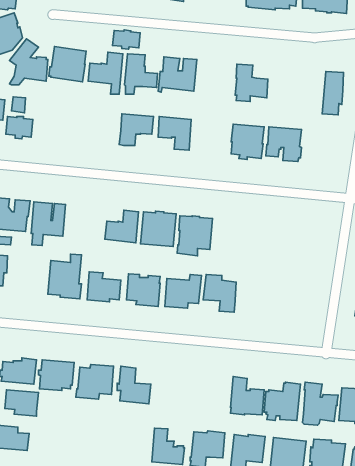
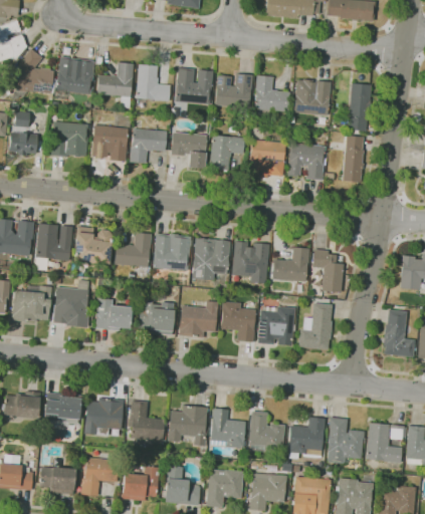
building: [113,30,140,49] -> none
building: none -> [216,73,252,107]
building: none -> [293,79,331,114]
building: none -> [91,116,130,161]
building: none -> [50,120,88,157]
building: none -> [209,135,245,171]
building: none -> [342,136,364,183]
building: none -> [73,226,112,264]
building: none -> [232,241,269,283]
building: none -> [272,247,308,281]
building: none -> [312,249,344,292]
building: none -> [12,285,52,322]
building: none -> [298,303,332,349]
building: none -> [257,306,295,345]
building: none -> [169,405,207,445]
building: none -> [210,408,245,448]
building: [5,390,38,416] -> [39,466,75,494]
building: none -> [81,457,119,495]
building: none -> [122,466,161,500]

